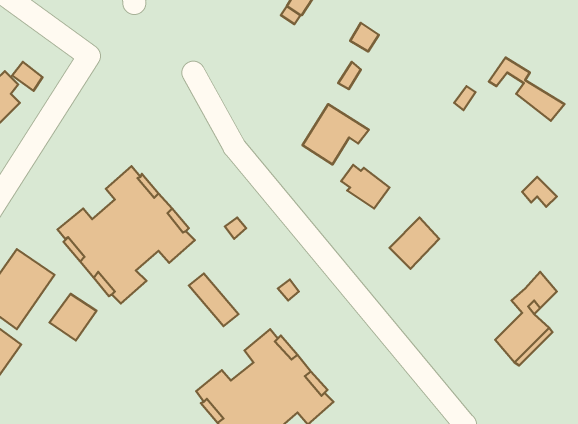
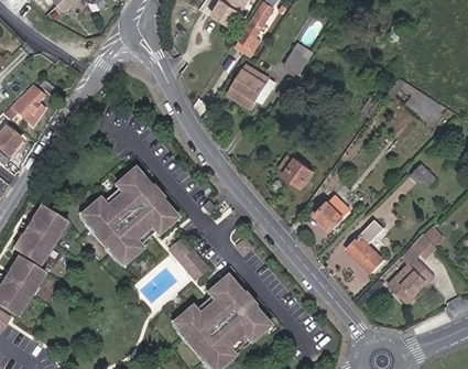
building: [302,104,369,165] -> [227,63,275,107]
building: none -> [345,220,382,272]
building: [49,294,96,341] -> none

